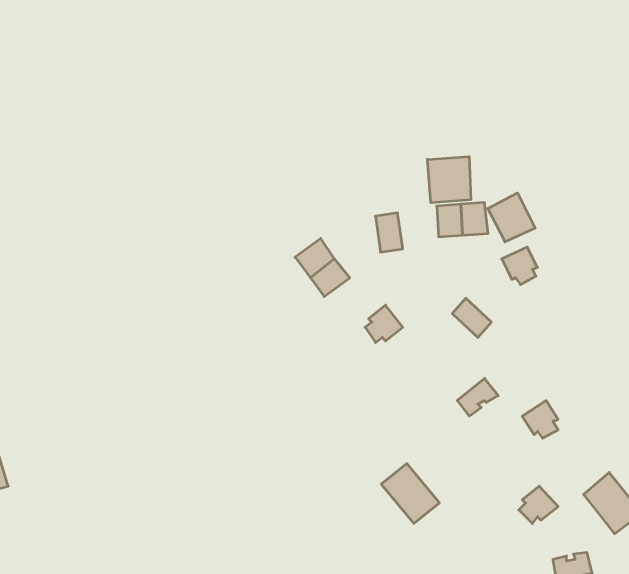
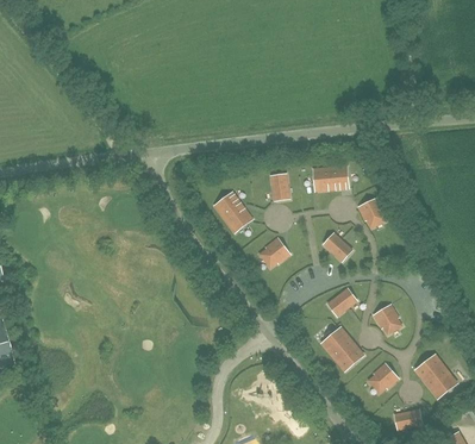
building: [427,157,471,203] -> none
building: [488,193,535,242] -> none
building: [381,464,439,523] -> [321,329,362,370]

